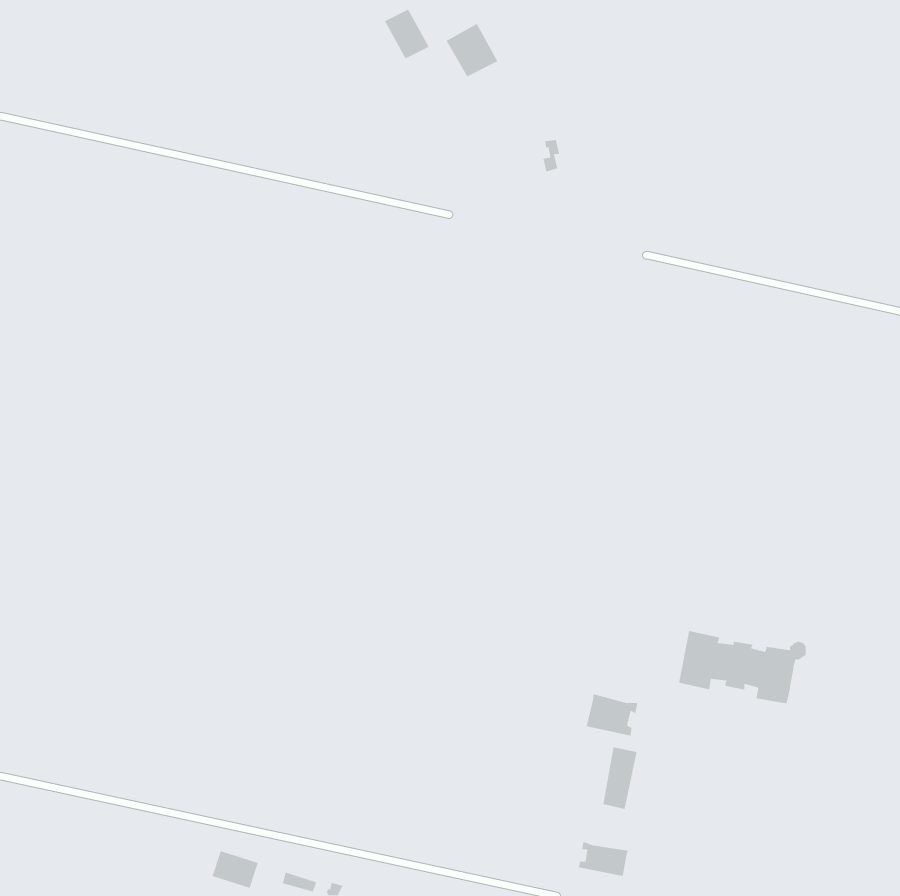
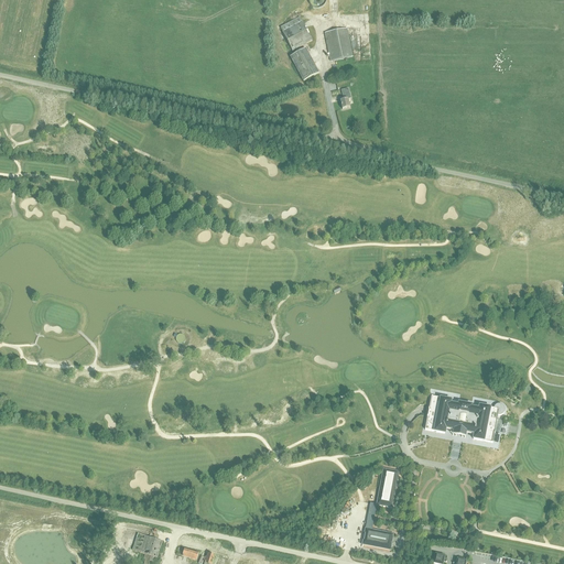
building: [384,8,430,59] -> [290,47,318,79]
building: none -> [325,26,352,59]
building: [586,693,638,736] -> none

